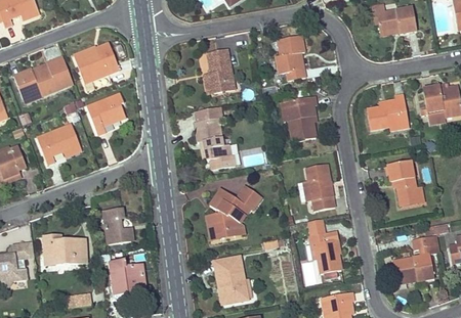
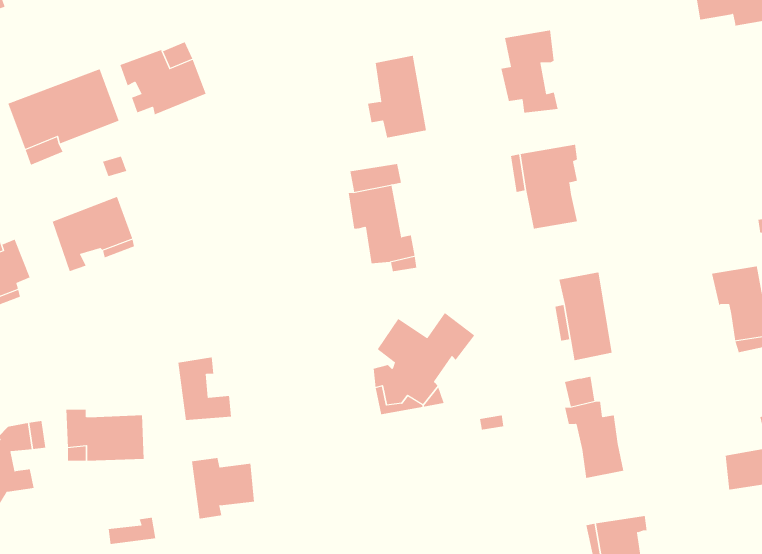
building: [86,93,125,134] -> none
building: [367,95,408,129] -> none
building: [214,256,247,303] -> none

